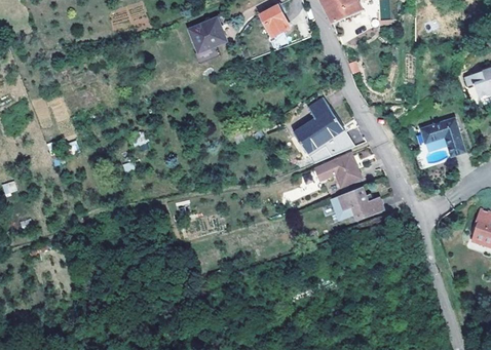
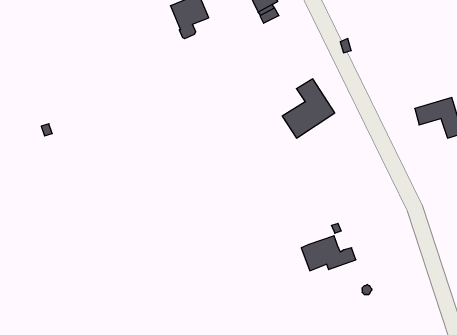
building: [311,156,357,187] -> none
building: [327,189,378,222] -> [301,236,356,271]

